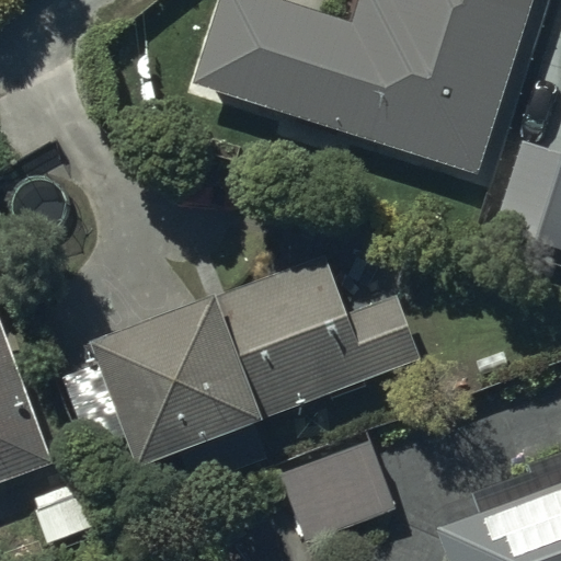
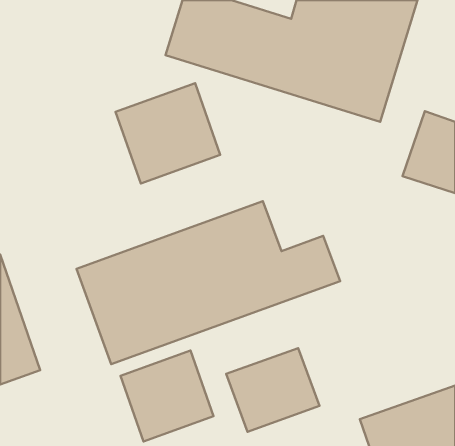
building: none -> [116,83,220,183]
building: none -> [121,351,213,441]

